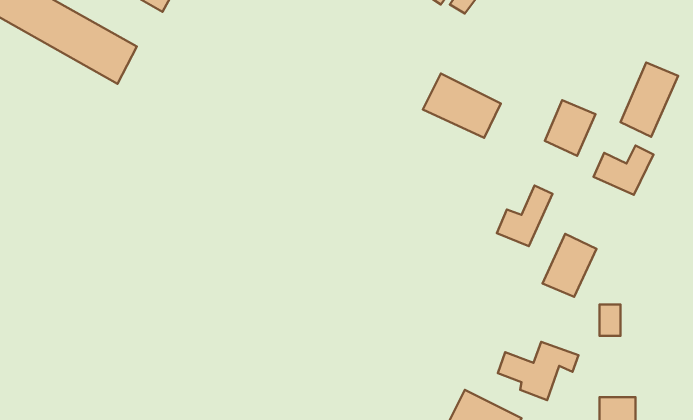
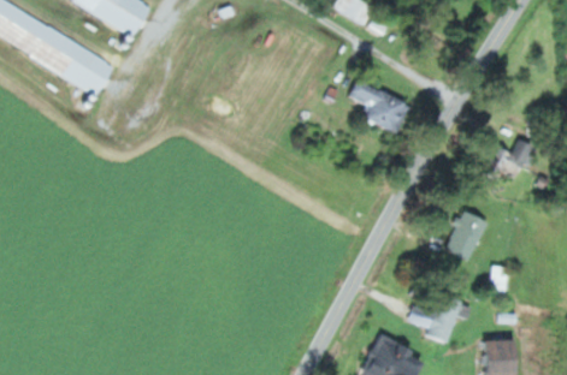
building: [620,63,678,137] -> none
building: [545,100,595,156] -> none
building: [497,185,553,246] -> none

